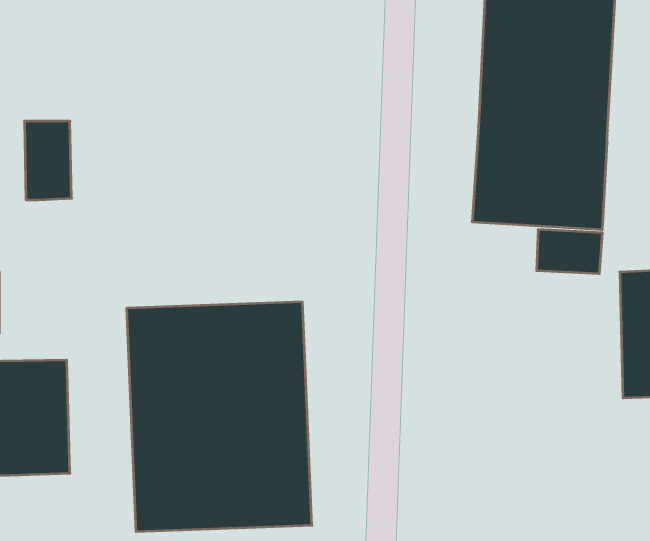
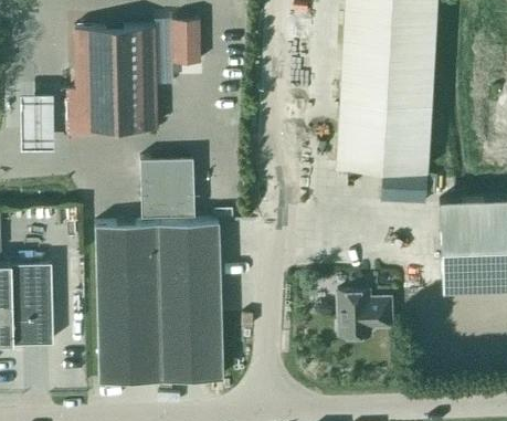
building: none -> [171,22,201,65]
building: none -> [67,29,157,137]
building: none -> [140,160,194,219]
building: none -> [337,293,391,339]

